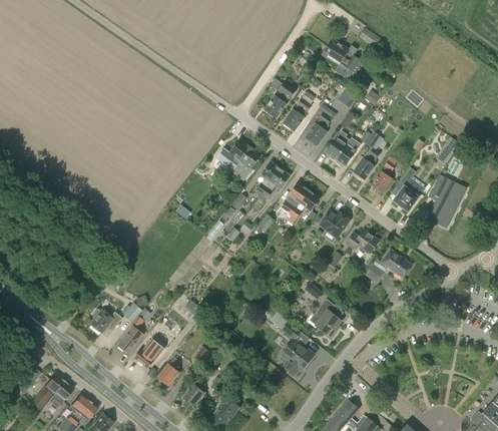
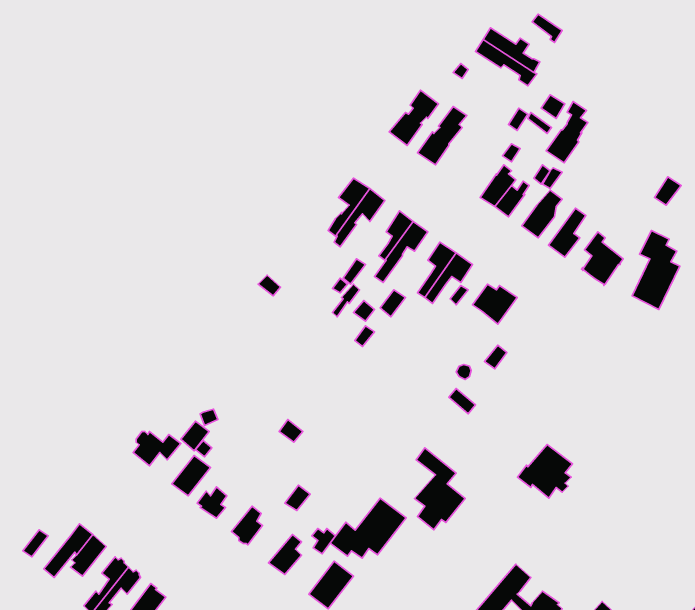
building: [305,104,333,145] -> [546,102,588,163]
building: [346,230,379,253] -> none
building: [366,249,412,282] -> none
building: [307,299,344,335] -> [517,444,573,498]
building: none -> [330,498,406,558]

